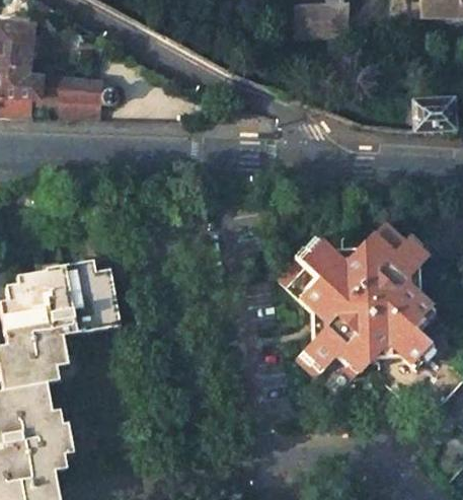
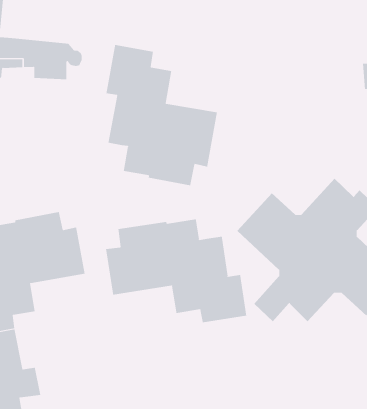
building: none -> [106,44,218,186]
building: none -> [106,218,247,323]

